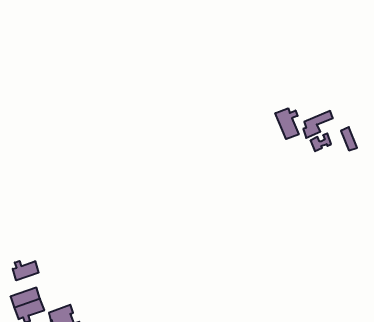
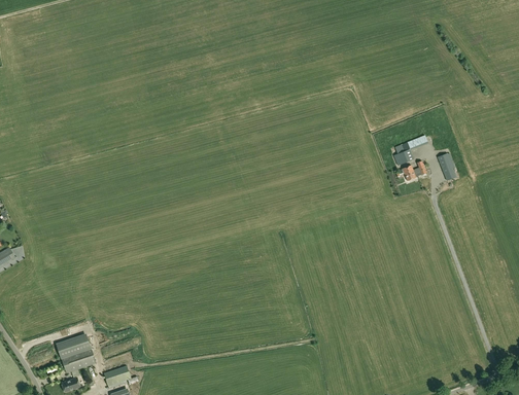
building: [275,108,299,139] -> none
building: [13,261,39,280] -> none

